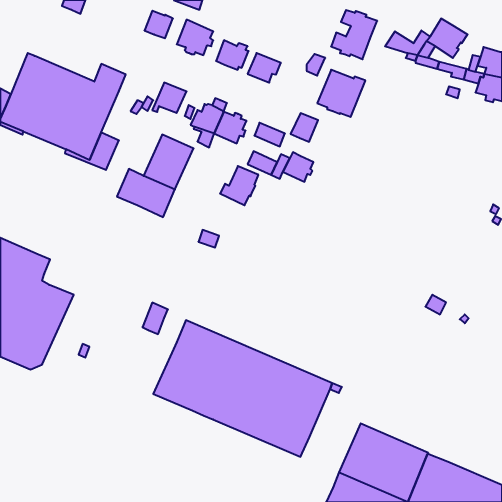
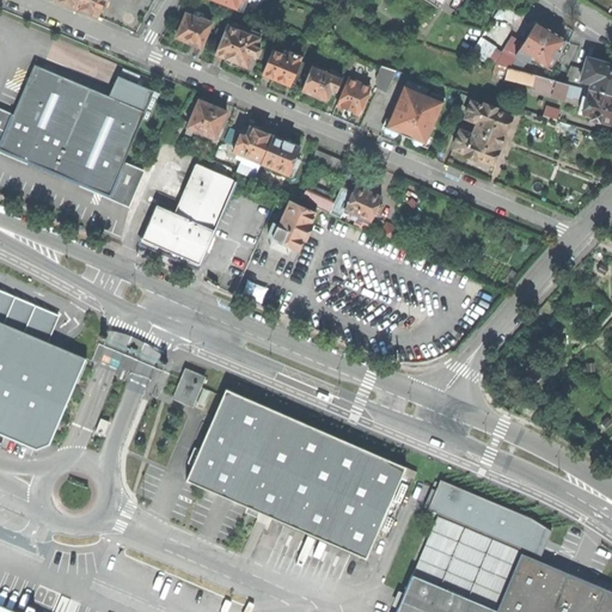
building: [331,10,377,59] -> [454,103,510,163]
building: [291,113,318,142] -> [336,79,369,114]
building: none -> [429,478,552,555]

